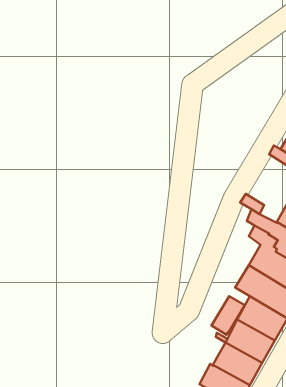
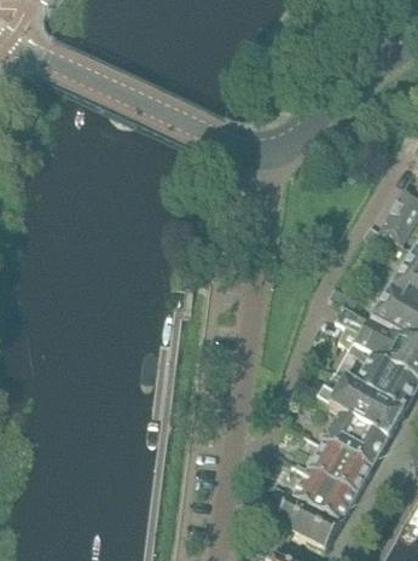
building: [212,296,245,335] -> none

